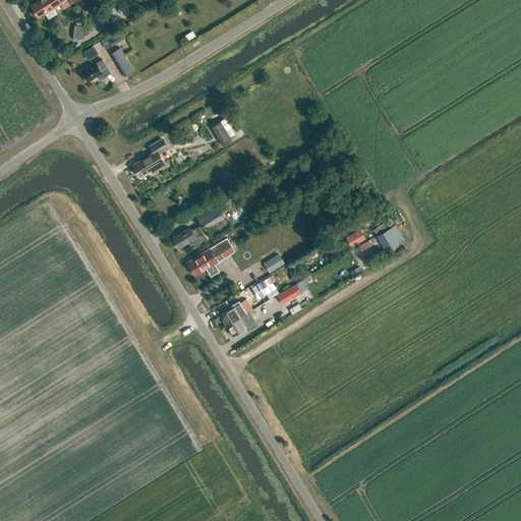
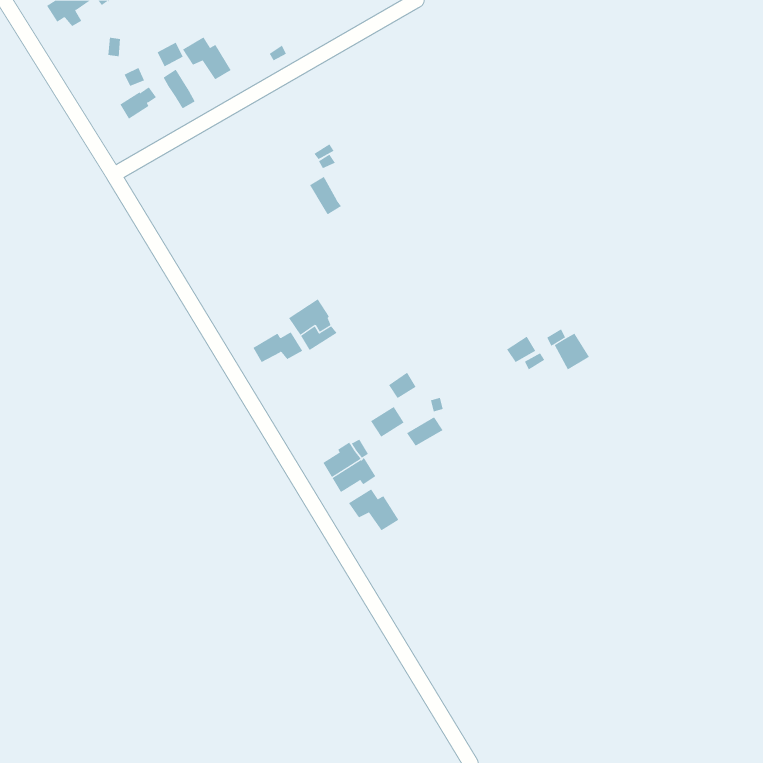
building: none -> [182,37,232,80]
building: [133,139,167,176] -> none
building: [188,238,231,276] -> none
building: none -> [348,489,399,531]

